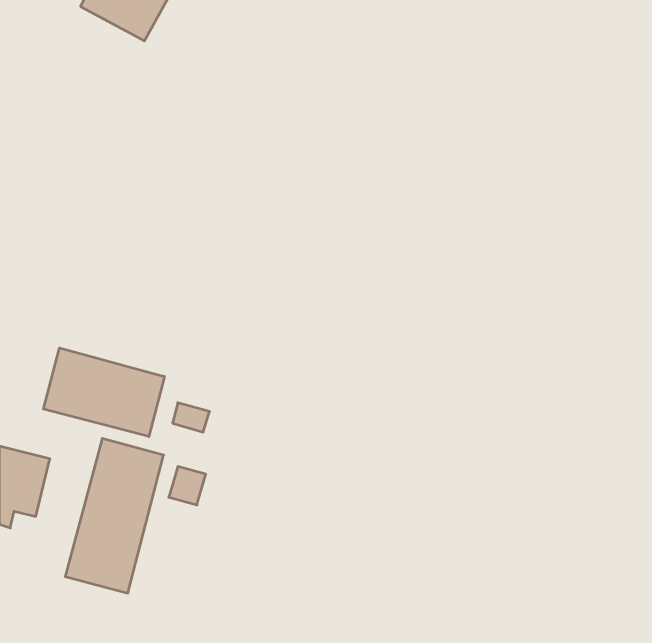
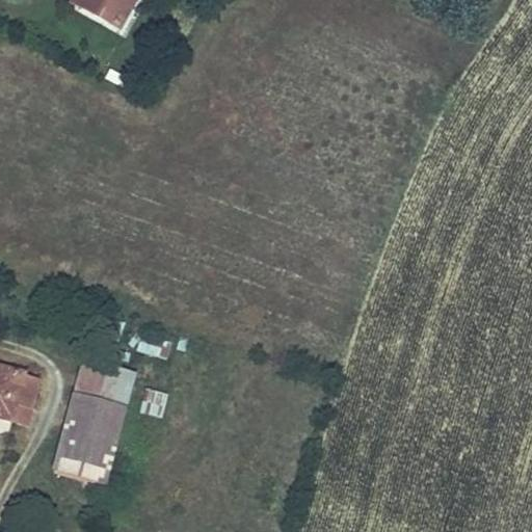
building: [43,348,164,437] -> none

